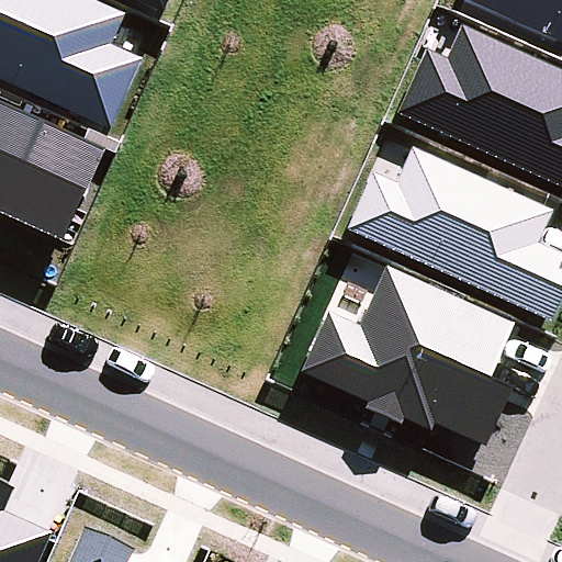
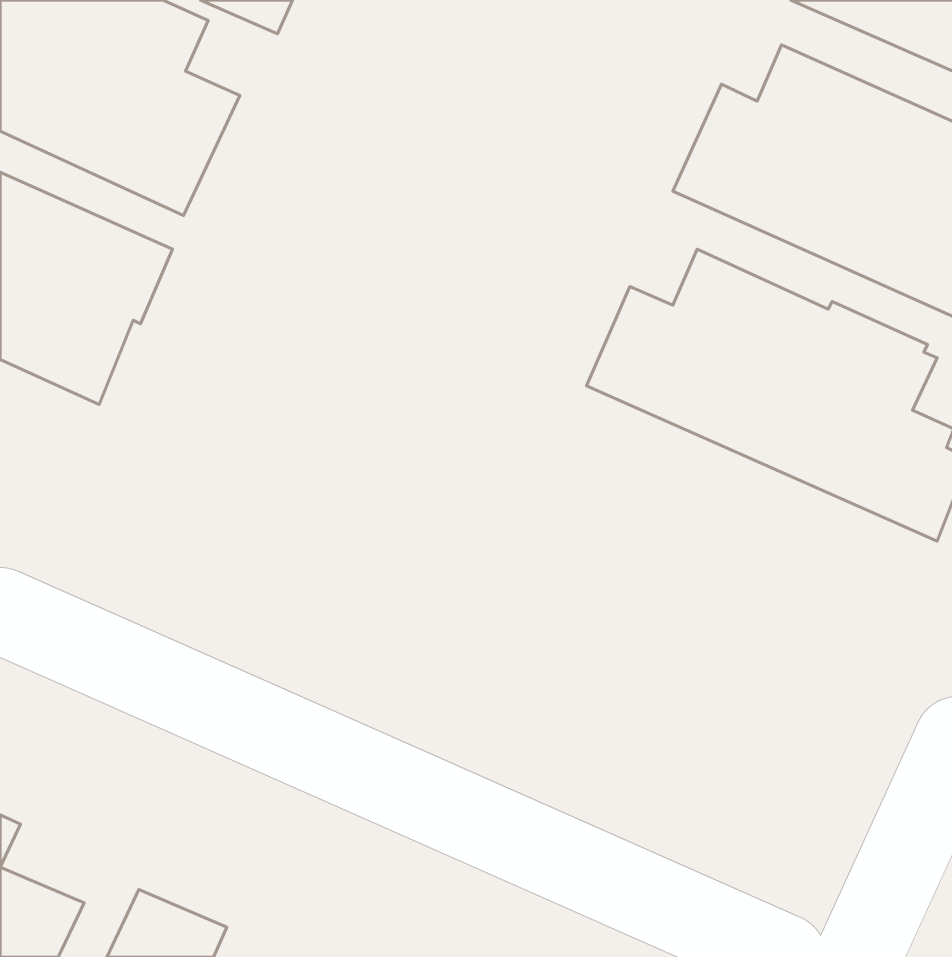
building: [301,263,512,441] -> none

